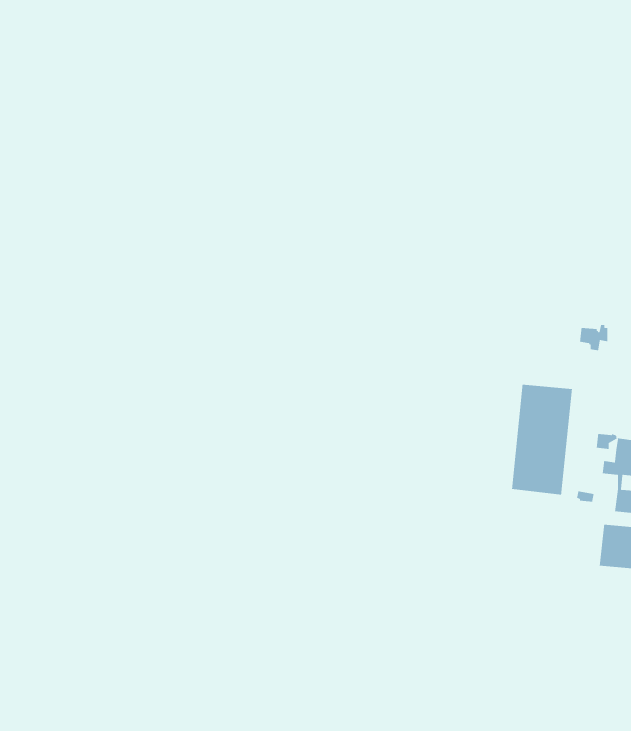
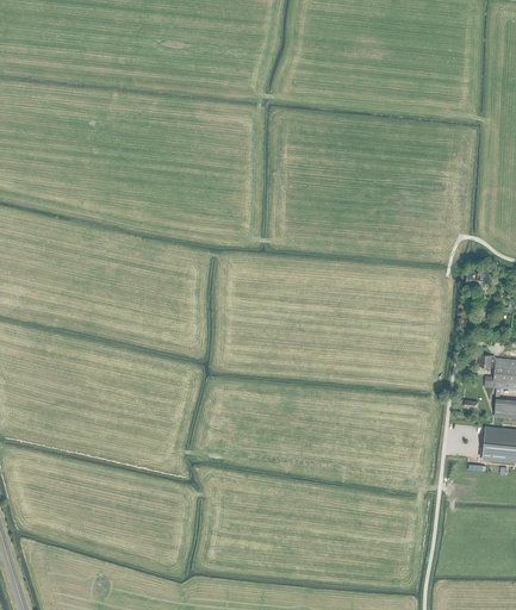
building: [511,384,573,496] -> none

